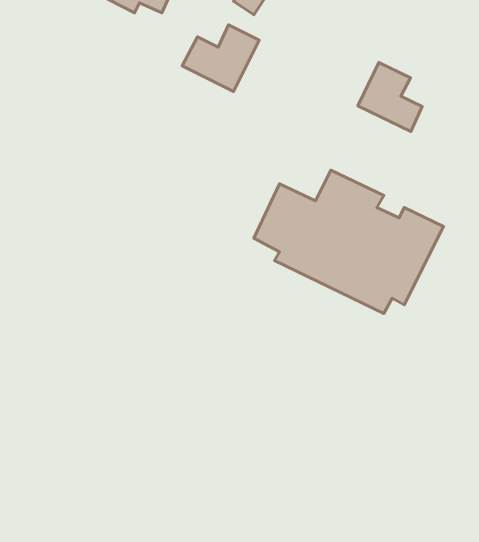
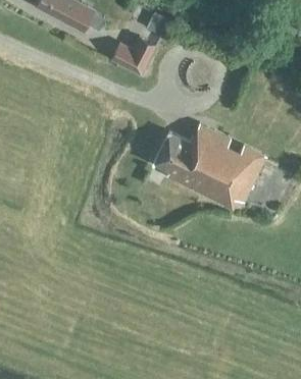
building: [358,63,422,132] -> none

